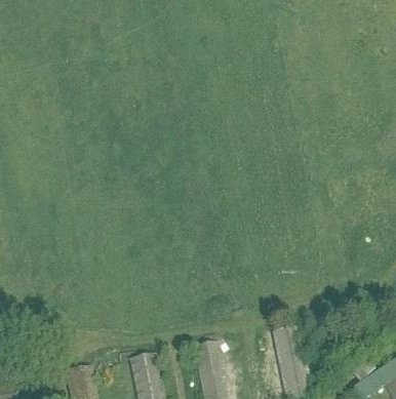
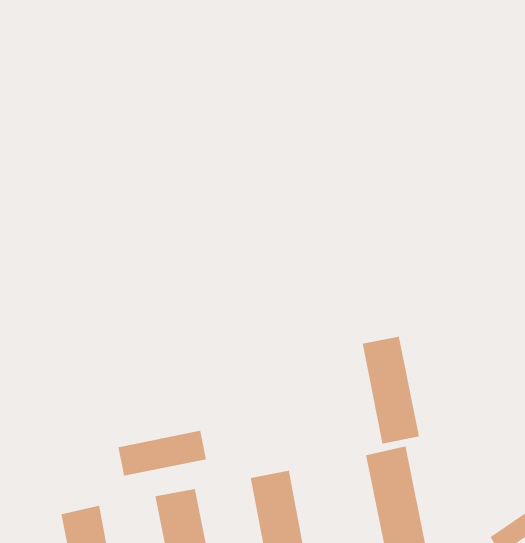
building: none -> [362,336,420,444]
building: none -> [117,430,207,477]

